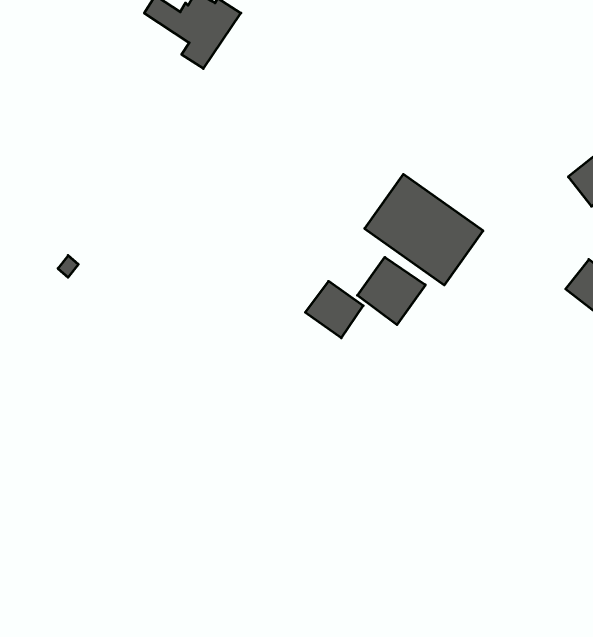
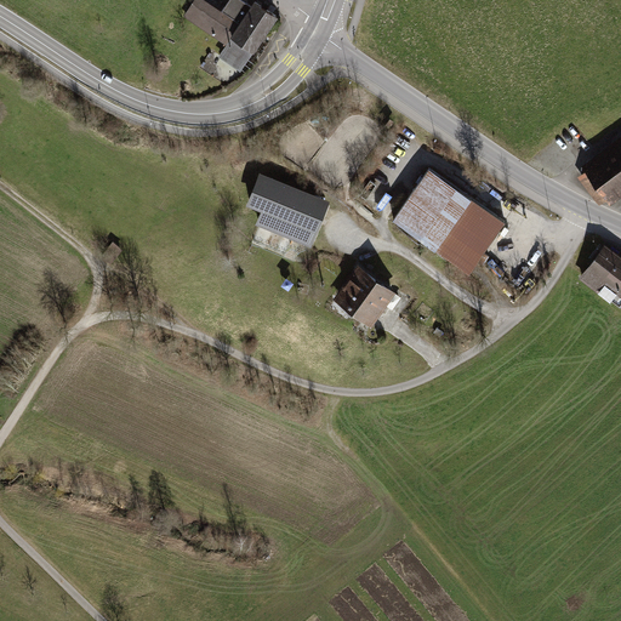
building: none -> [250,178,325,240]
building: [357,257,425,325] -> none

